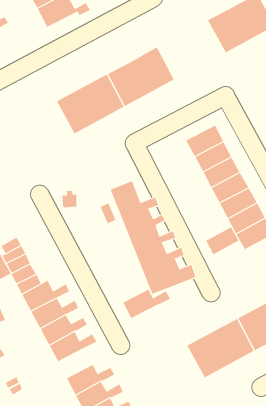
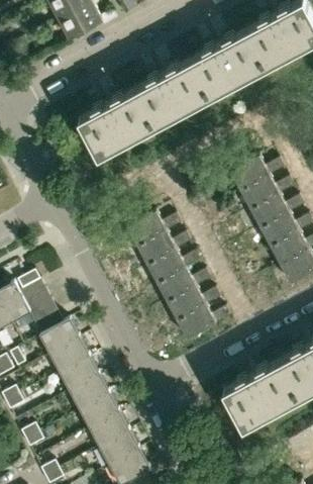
building: none -> [192,34,268,100]
building: [205,226,239,255] -> none
building: [123,289,171,319] -> [82,398,135,431]

